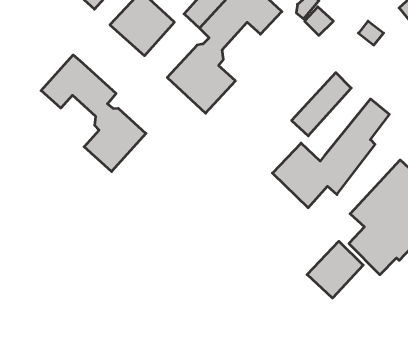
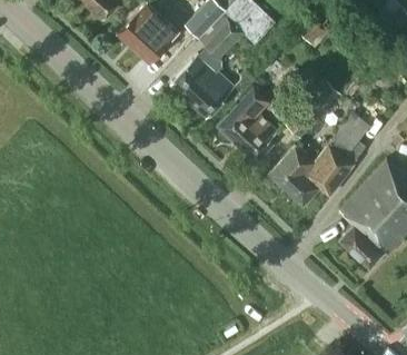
building: [41,55,146,172] -> none
building: none -> [215,88,275,165]
building: [307,241,363,298] -> none

